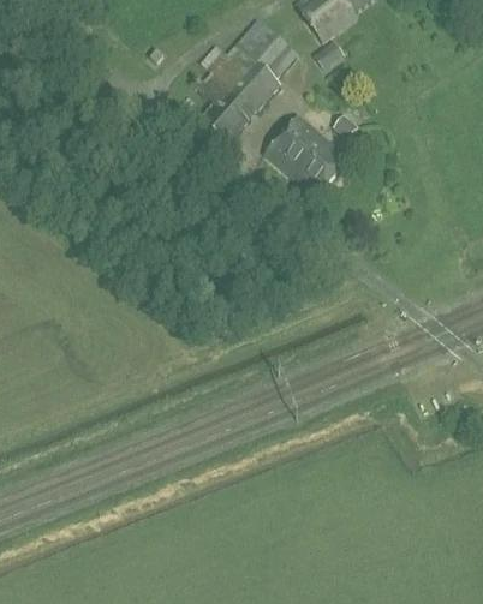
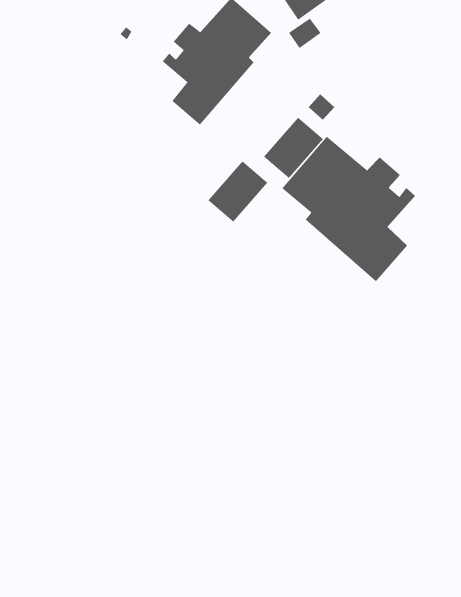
building: [263,114,322,174] -> [207,161,268,222]
building: none -> [281,136,416,282]

